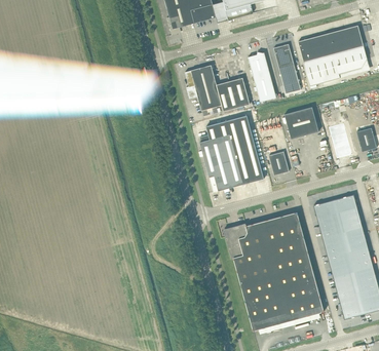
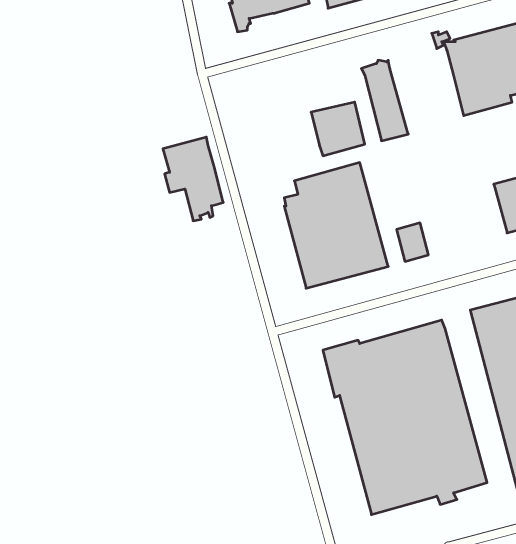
building: [273,44,301,93] -> none
building: [185,65,222,116] -> [163,137,223,221]
building: [285,107,319,139] -> none

